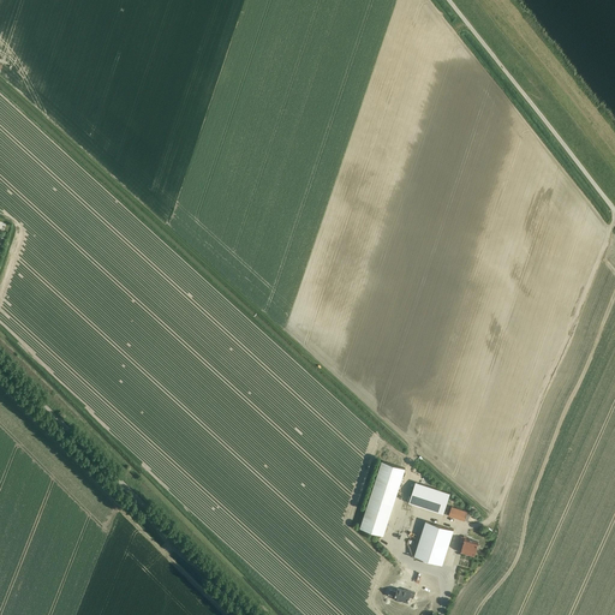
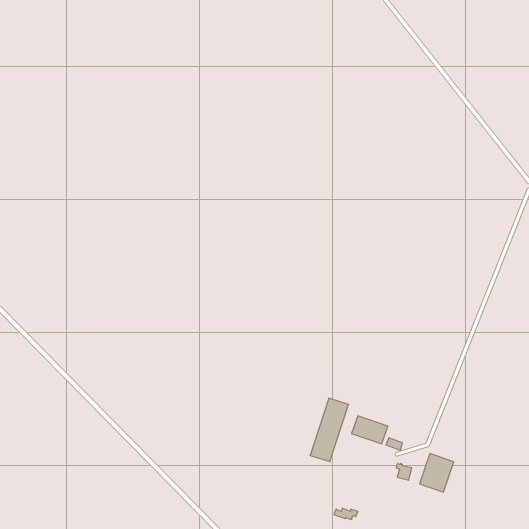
building: [413,521,453,566] -> [420,454,454,492]

